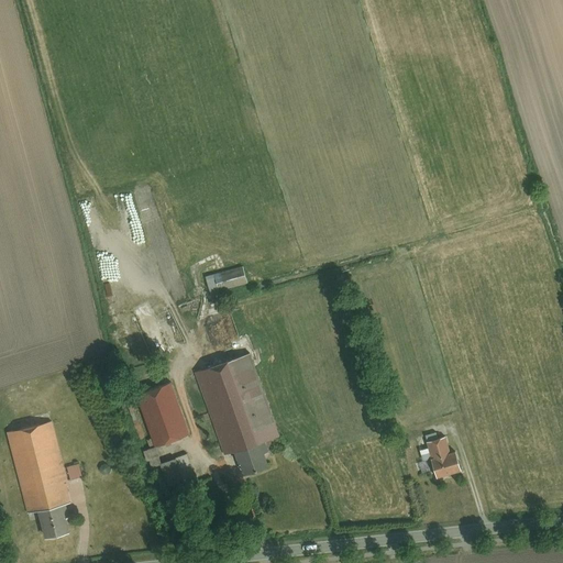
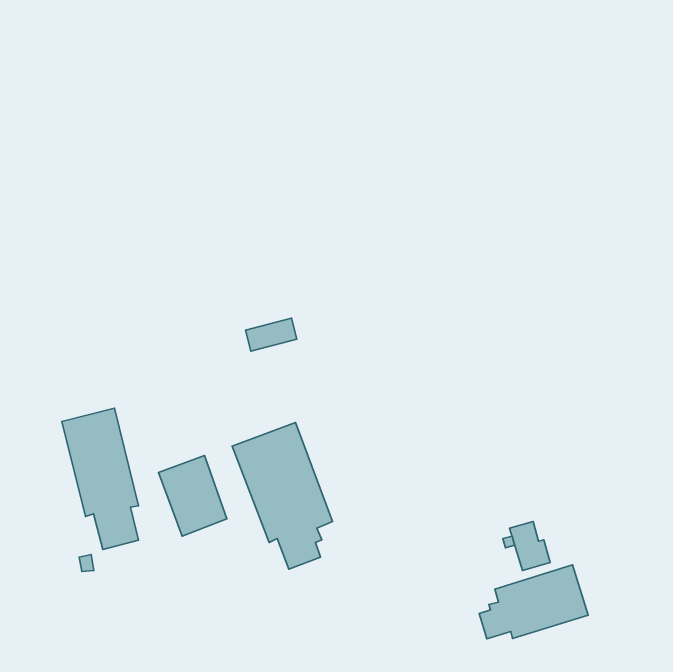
building: [8,421,71,539] -> [62,408,138,550]
building: none -> [479,565,588,639]

